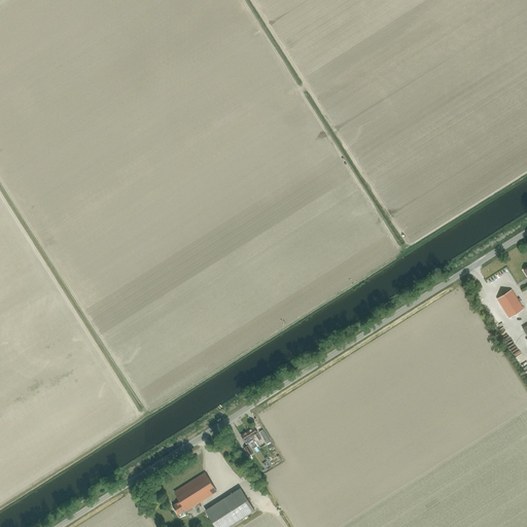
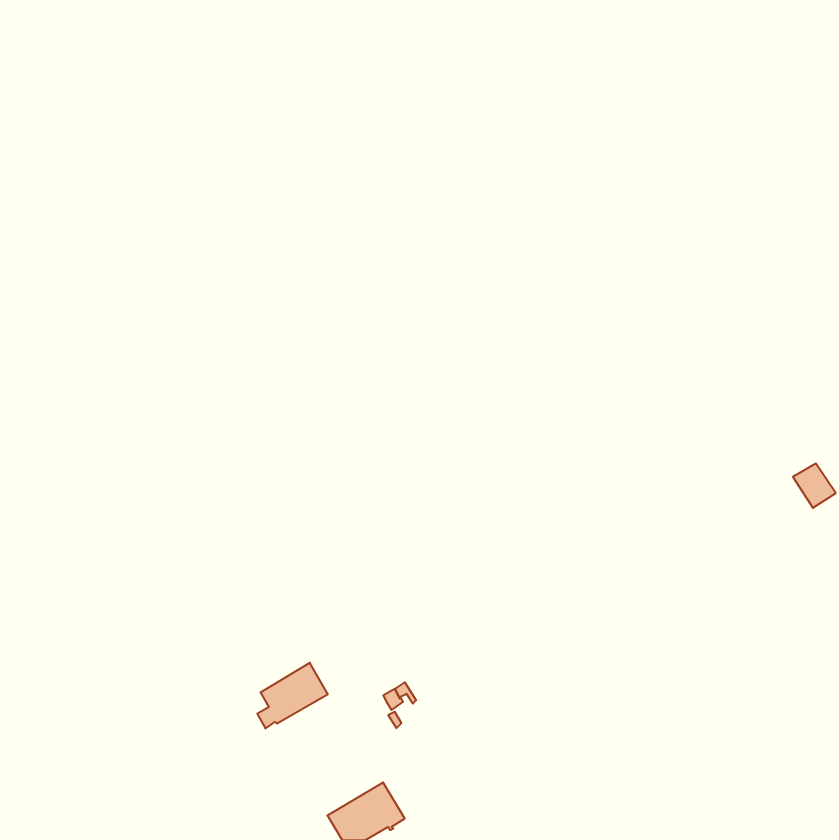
building: [172,472,216,514] -> [257,663,328,729]

